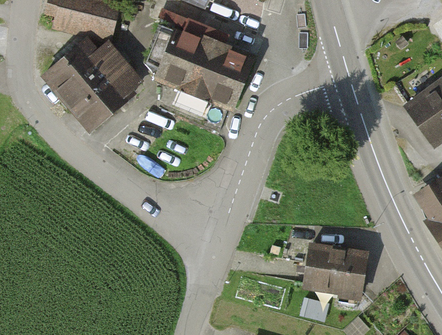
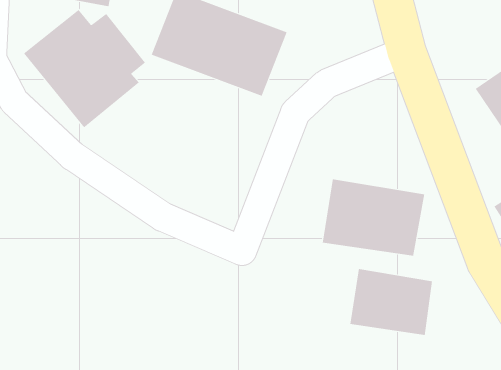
building: none -> [322,178,425,257]

